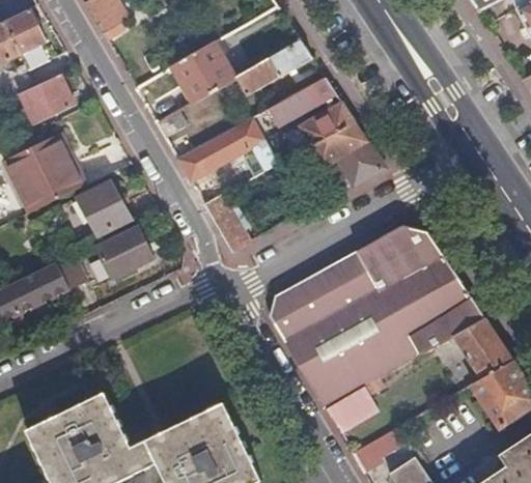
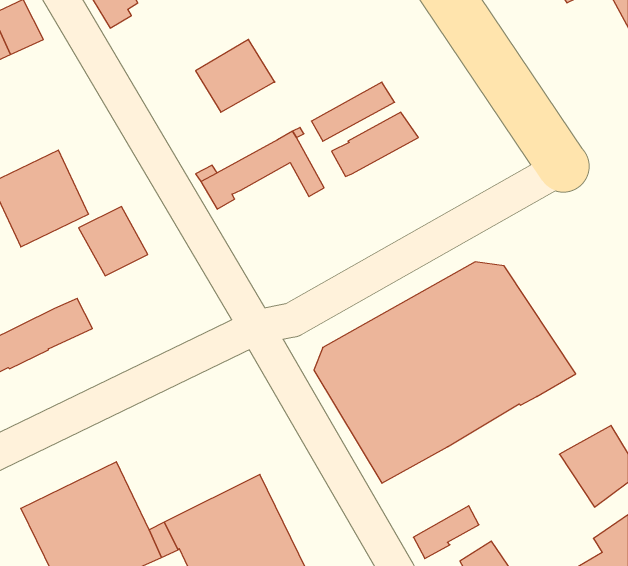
building: [235,41,311,96] -> none
building: [19,75,74,125] -> none
building: [300,123,385,195] -> none
building: [202,196,249,253] -> none
building: [93,226,151,280] -> none
building: [452,318,513,379] -> none
building: [325,378,382,433] -> none

